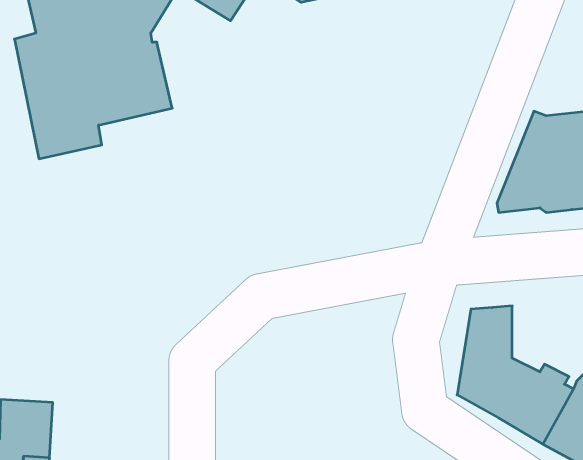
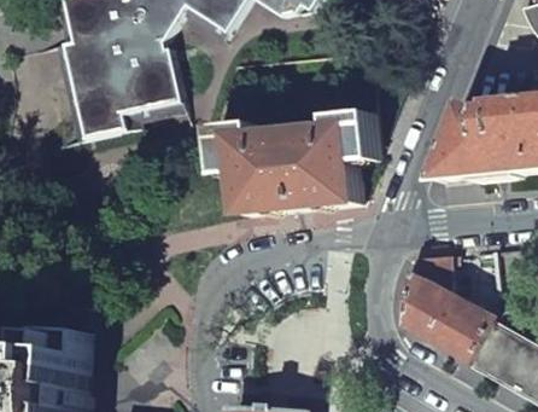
building: none -> [217,111,379,215]

